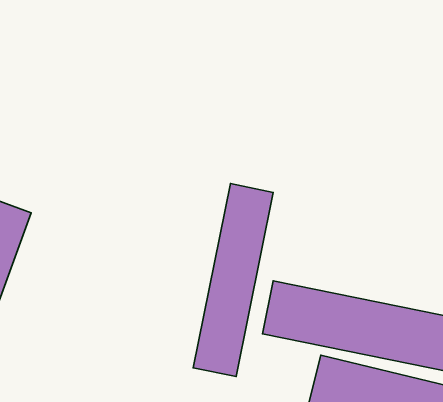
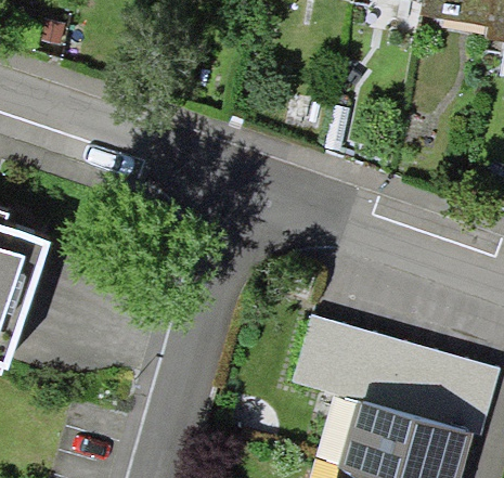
building: [193,184,273,377] -> none

